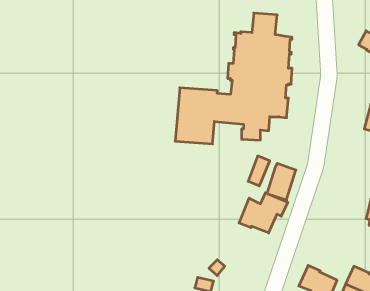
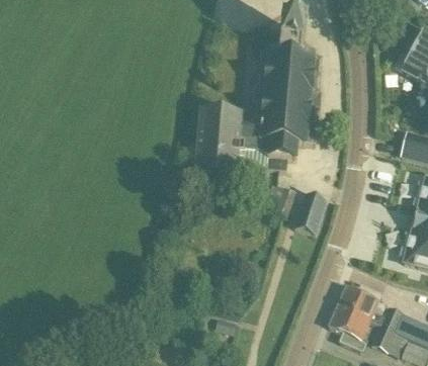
building: [239,193,288,233] -> none
building: none -> [339,281,387,321]

